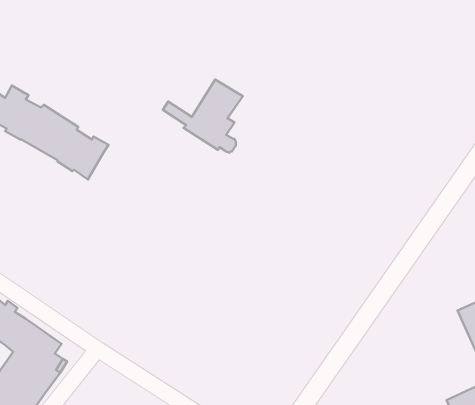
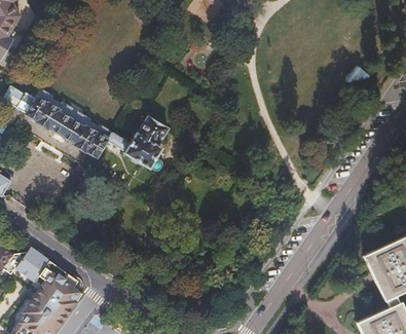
building: [163,80,243,153] -> [107,116,167,171]

